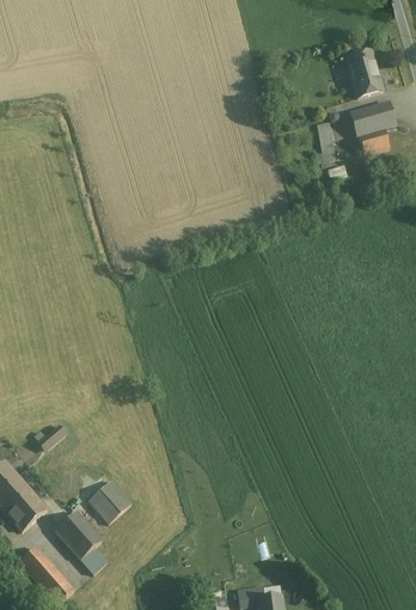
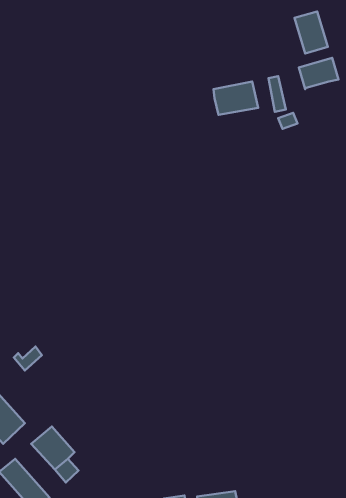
building: none -> [214,81,258,115]
building: [359,128,390,154] -> none
building: [85,476,131,523] -> none

